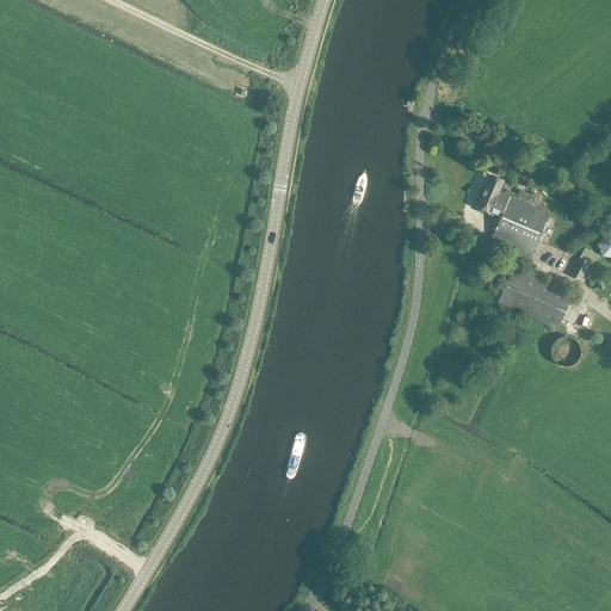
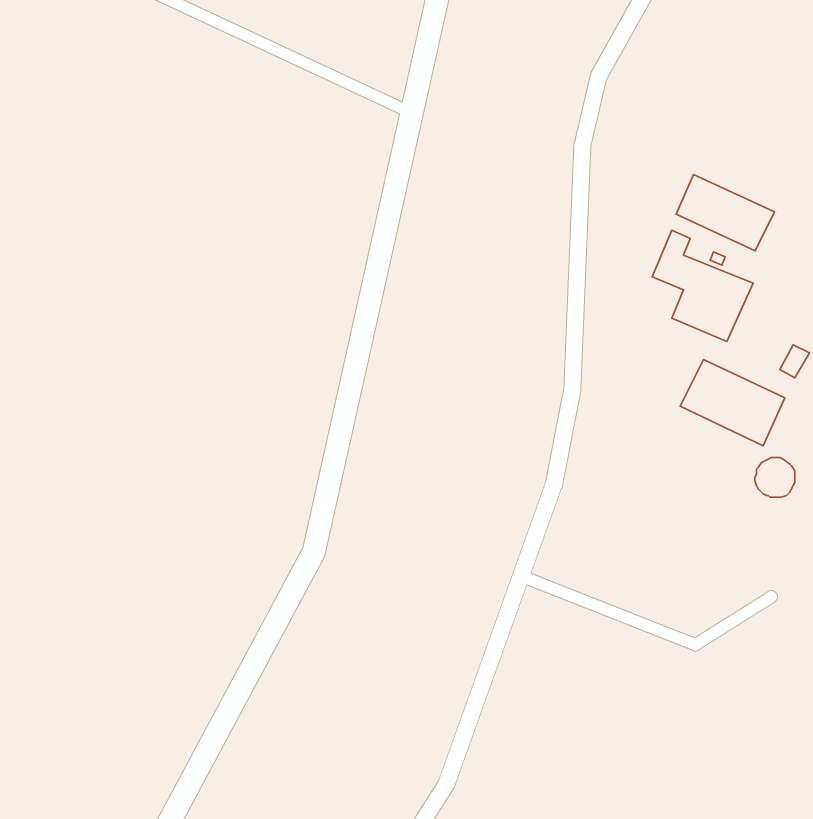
building: none -> [676,175,775,251]

